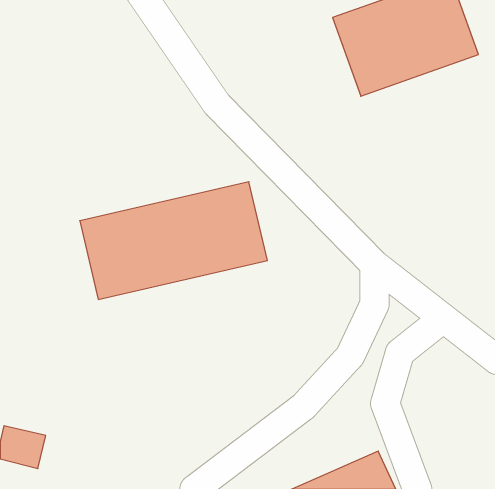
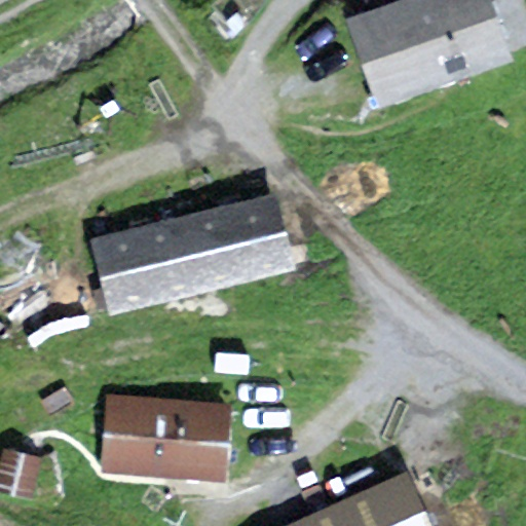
building: none -> [103,394,231,482]

